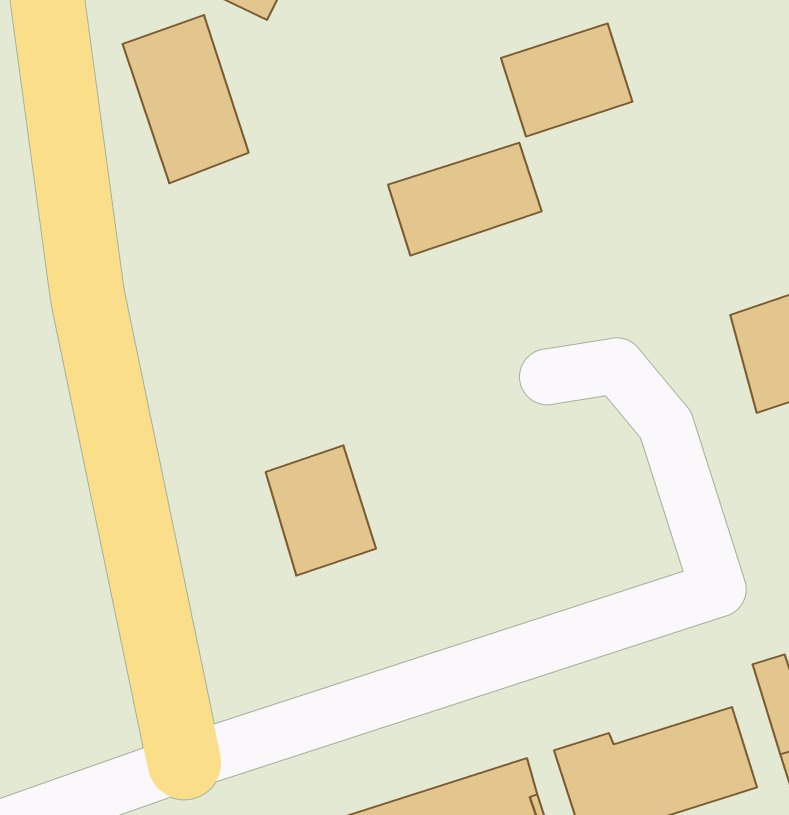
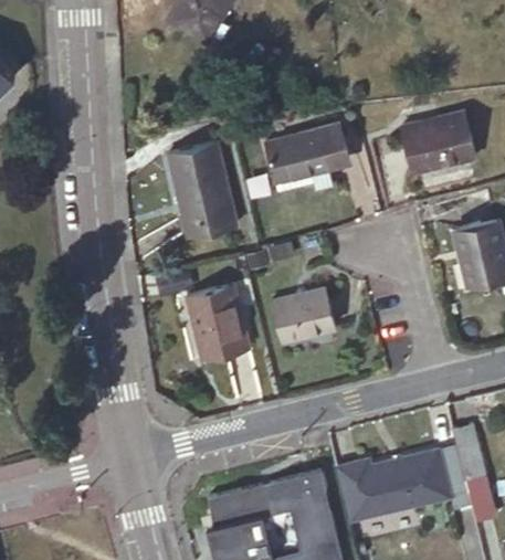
building: [122,15,249,183] -> [172,141,240,235]
building: [501,23,633,136] -> [400,109,473,170]
building: none -> [269,287,334,340]

